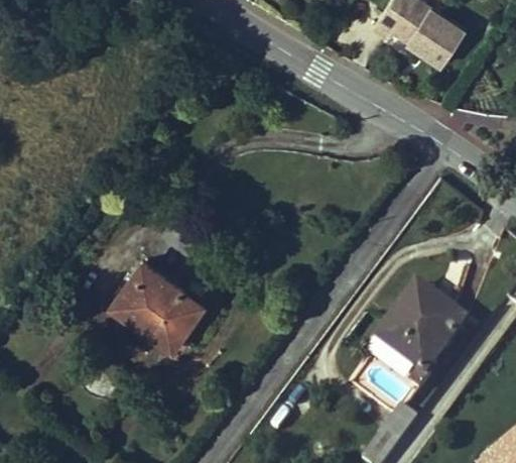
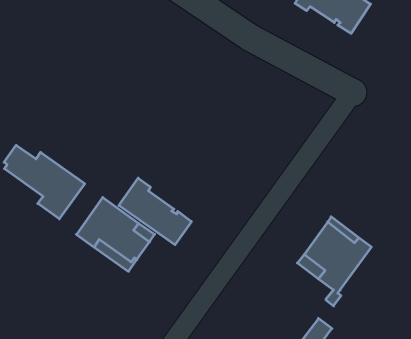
building: none -> [4,145,85,219]
building: none -> [119,178,191,245]

